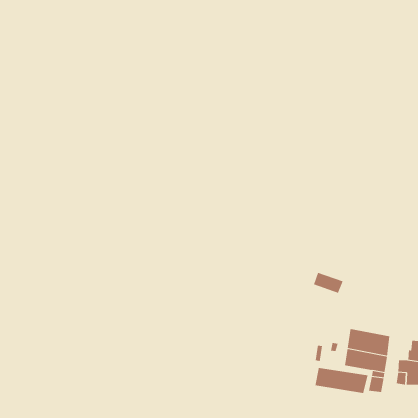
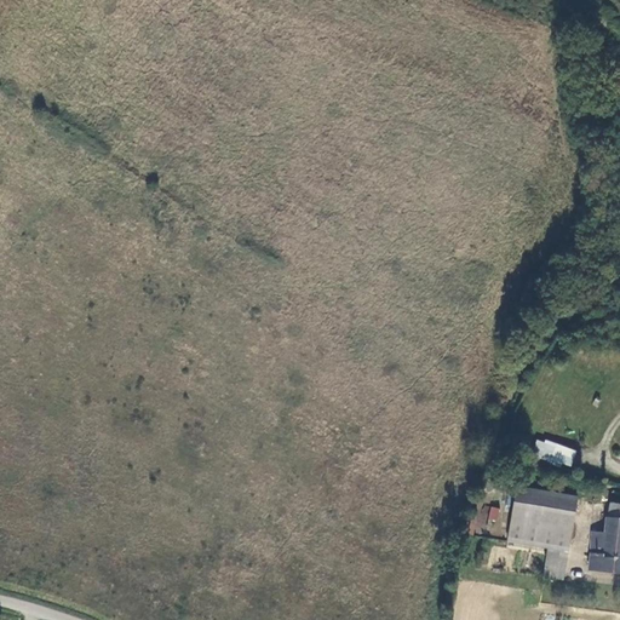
building: [313,272,344,294] -> [533,436,578,467]
building: [315,367,368,394] -> none

